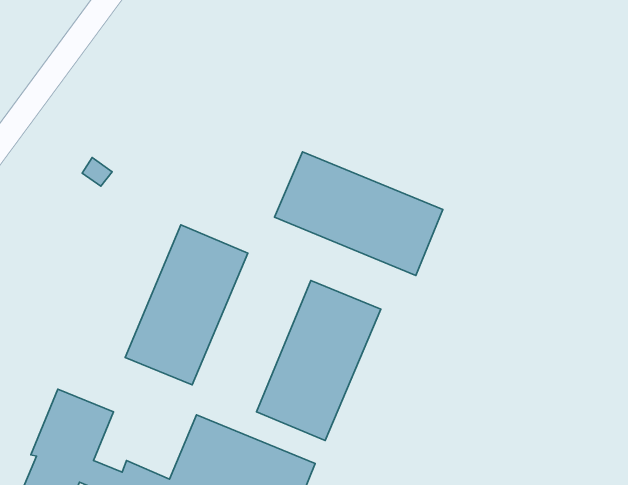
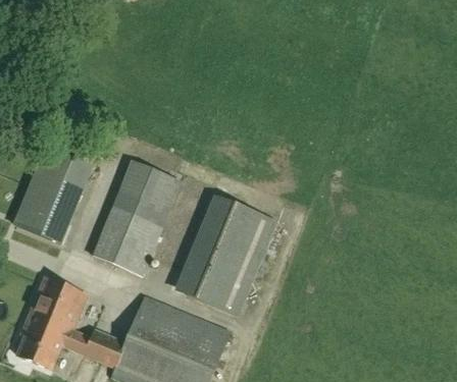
building: [275,152,443,276] -> none
building: none -> [13,148,91,243]

